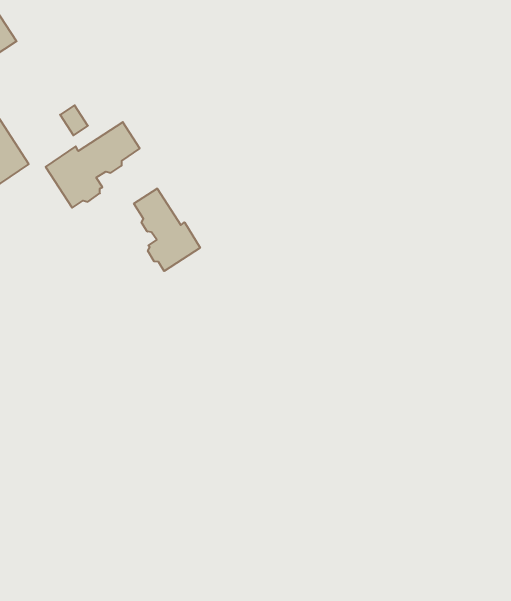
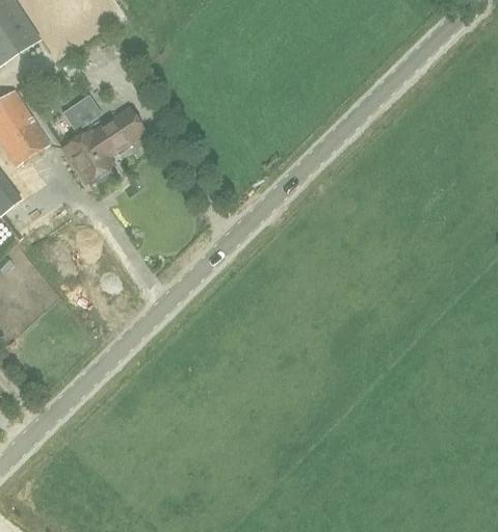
building: [134,188,200,271] -> none

